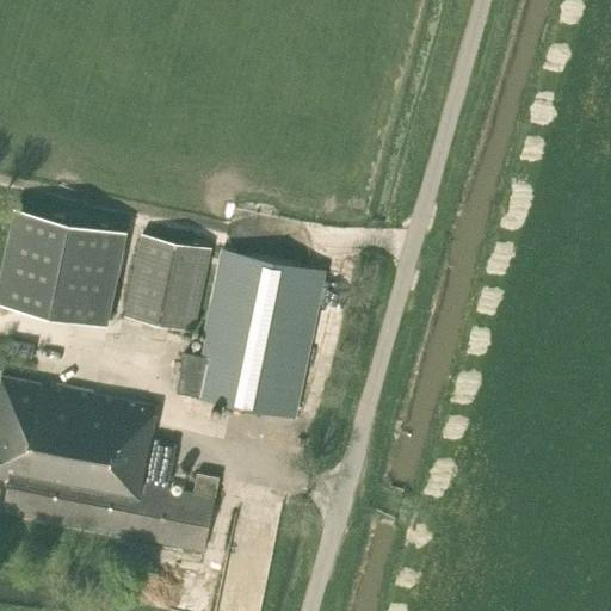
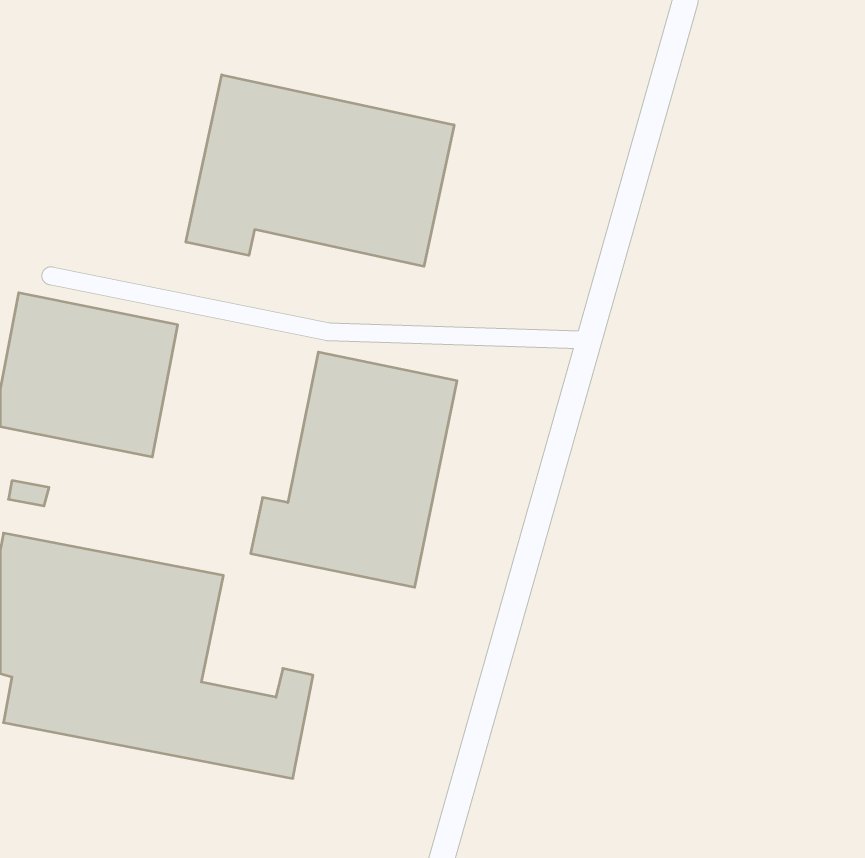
building: none -> [186,75,454,266]
building: [125,236,211,334] -> none

